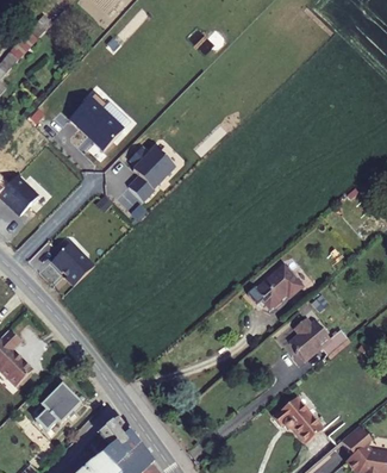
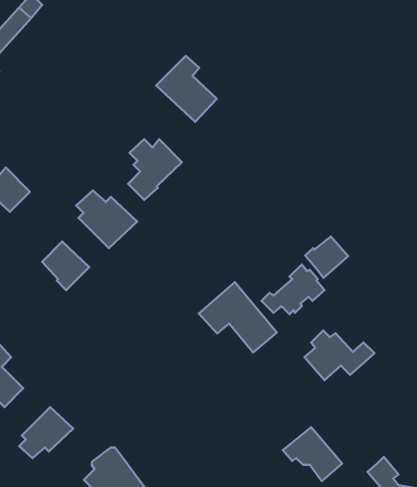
building: [70,91,124,149] -> [156,56,217,122]
building: none -> [76,190,137,248]
building: none -> [305,236,348,278]
building: none -> [199,282,277,352]

